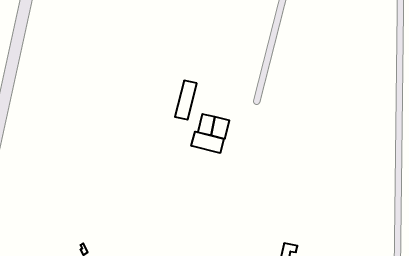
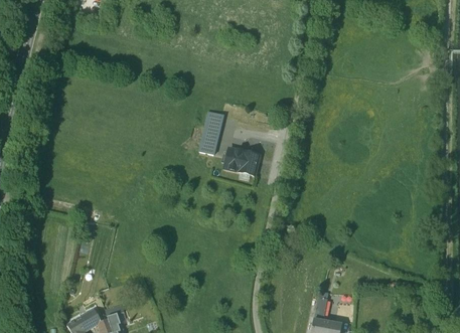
building: [191,132,224,153] -> none

